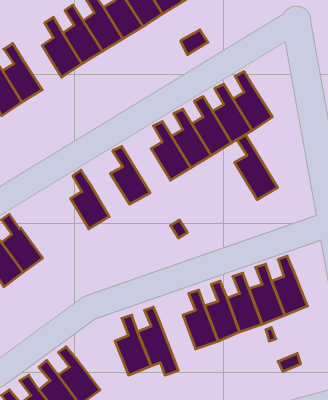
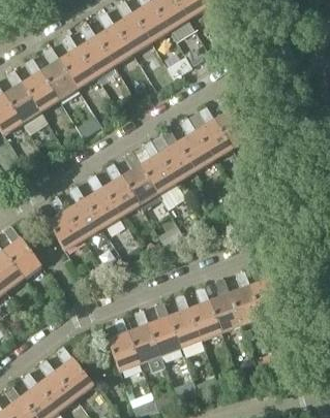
building: none -> [23,59,59,112]
building: [235,135,278,200] -> [122,153,161,212]
building: none -> [86,174,121,228]
building: none -> [48,197,84,252]
building: none -> [149,302,181,357]

